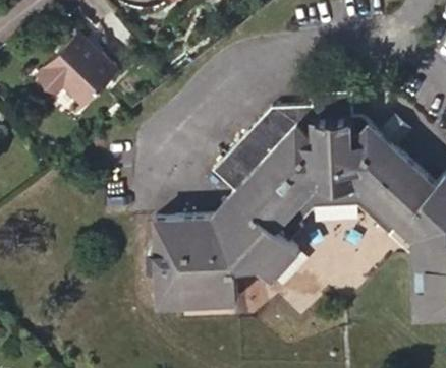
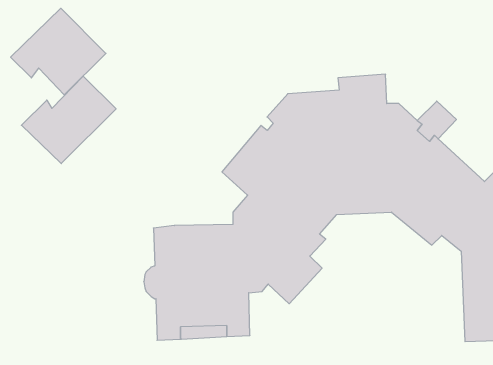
building: none -> [21,76,116,164]

